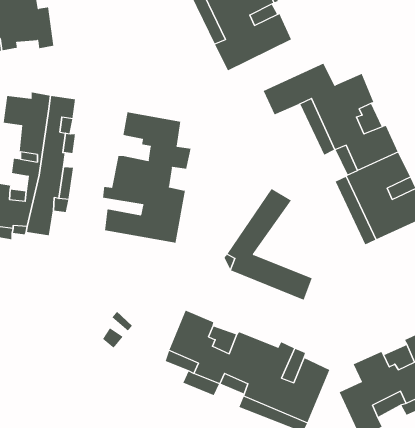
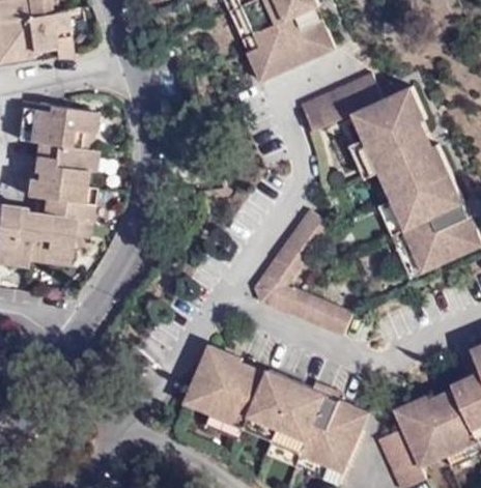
building: [103,111,191,243] -> none

